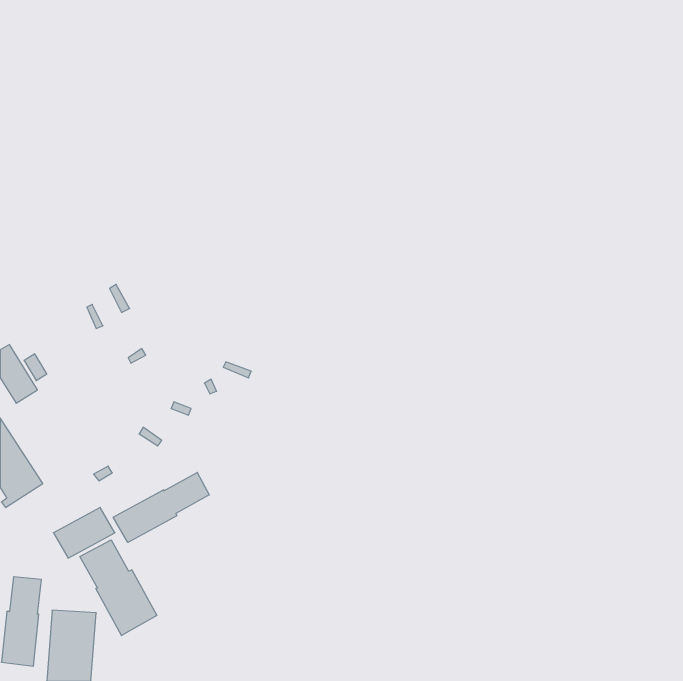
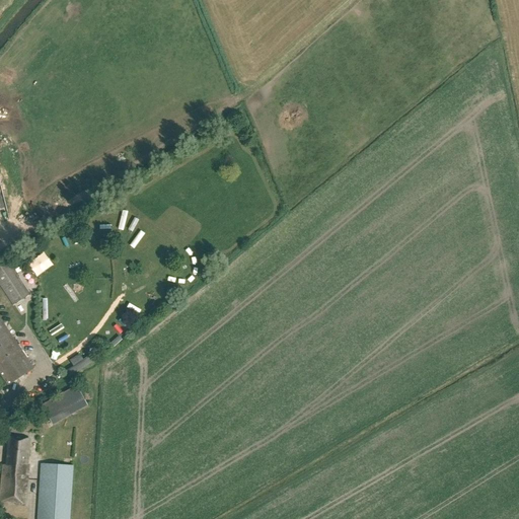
building: [113,472,209,542] -> none
building: [80,540,157,636] -> none

